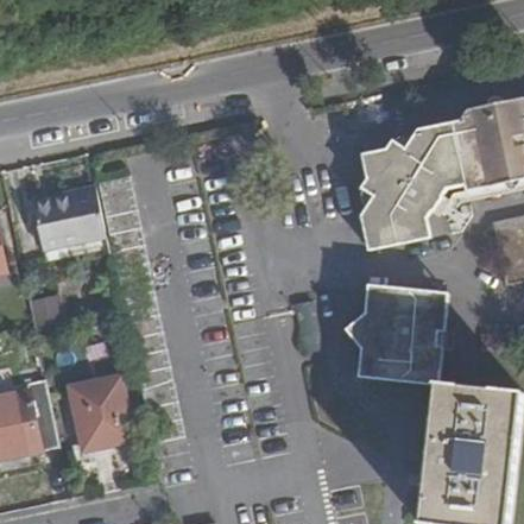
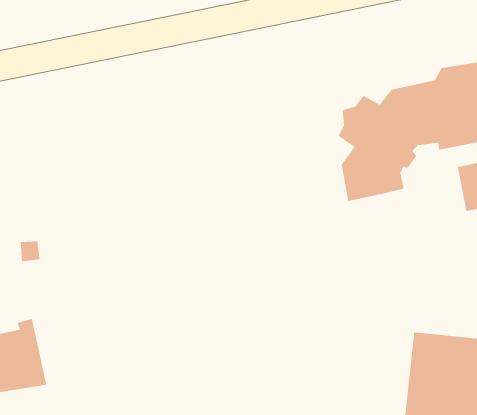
building: [23,185,103,246] -> none
building: [349,289,448,386] -> none
building: [62,366,127,440] -> none

